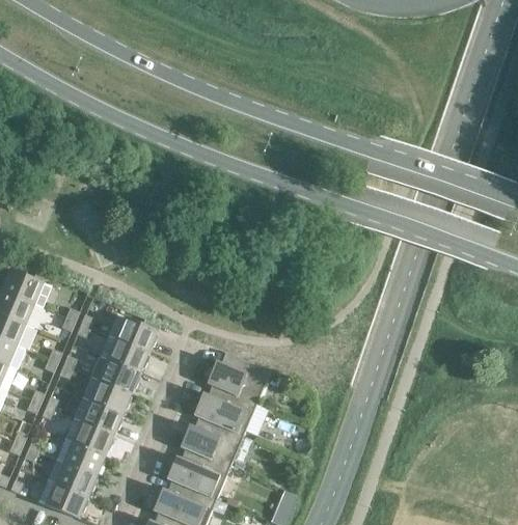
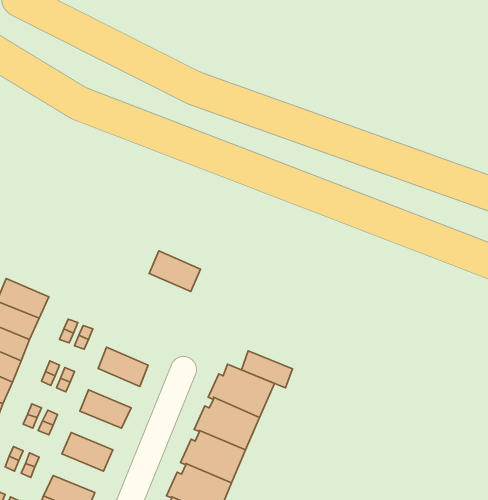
building: [106,315,156,355] -> [149,251,200,292]
building: none -> [241,351,292,388]
building: [88,358,138,396] -> none
building: [72,399,120,437] -> none
building: [54,441,103,478] -> none

